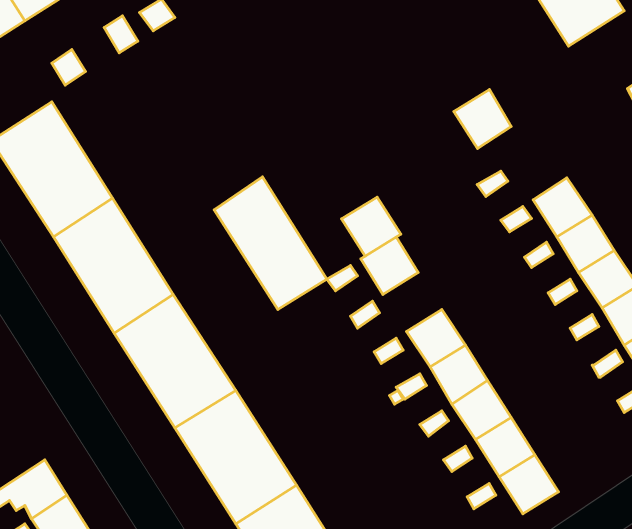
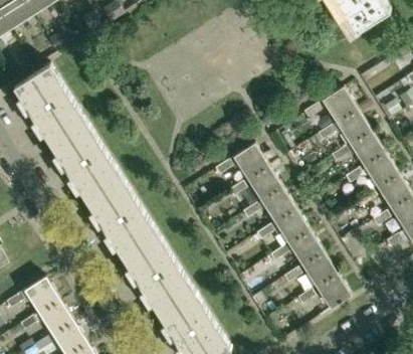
building: [454,89,511,148] -> [322,86,356,122]
building: [214,177,327,310] -> none
building: [342,197,401,256] -> [246,165,281,200]

